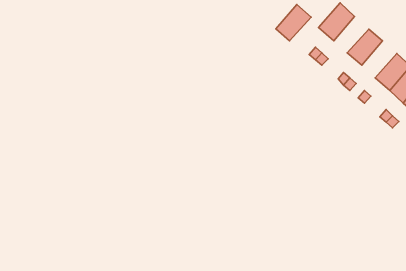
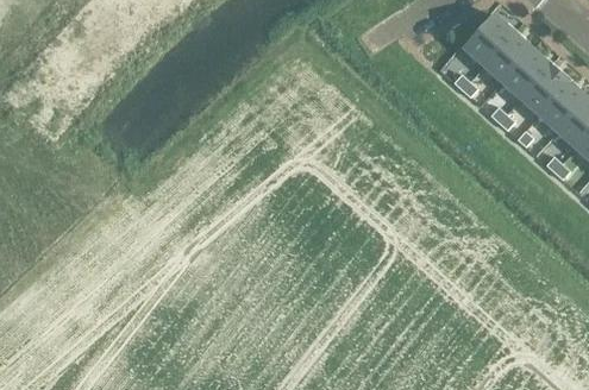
building: [276,5,311,41] -> [485,33,532,81]
building: none -> [522,65,569,114]

